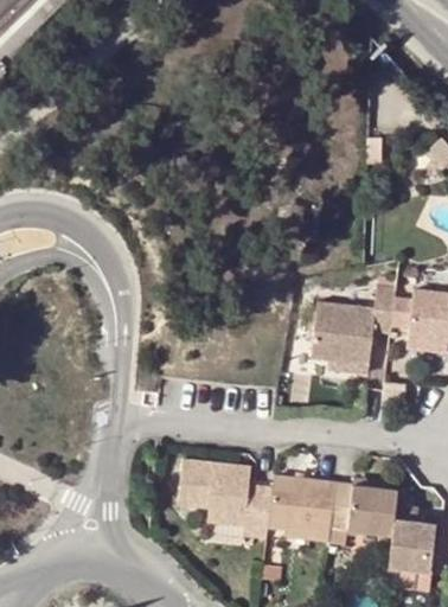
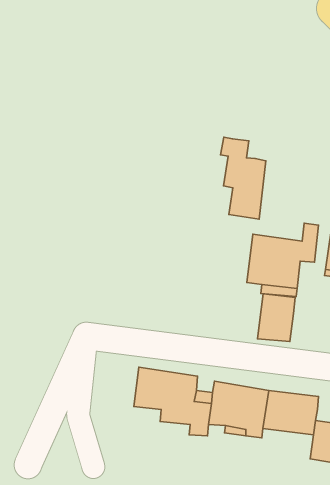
building: none -> [221,137,266,219]
building: none -> [258,294,295,341]

